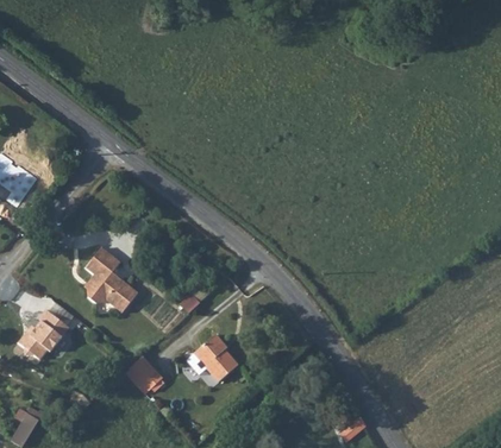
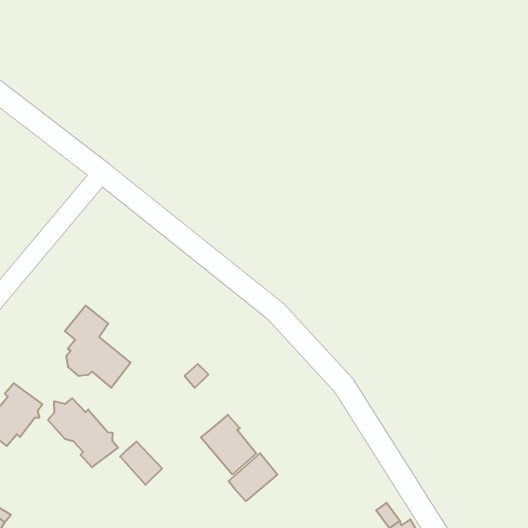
building: none -> [48,398,118,467]
building: none -> [229,453,277,501]

